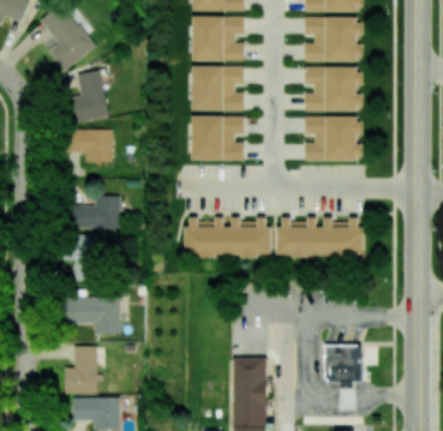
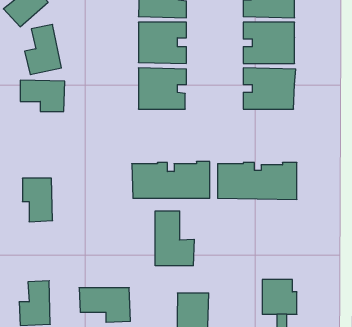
building: [71,196,120,228] -> none
building: none -> [155,211,194,266]
building: [65,297,120,334] -> [79,288,130,322]

